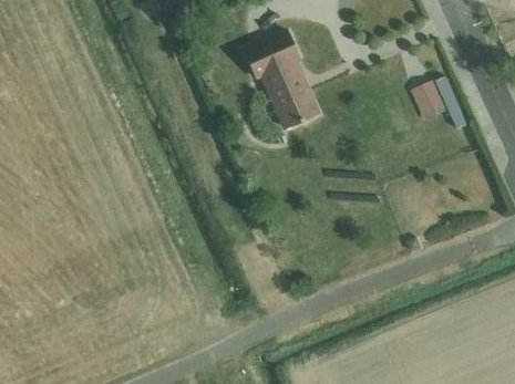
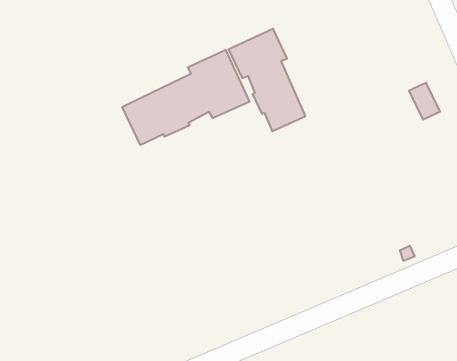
building: none -> [122,50,250,145]

